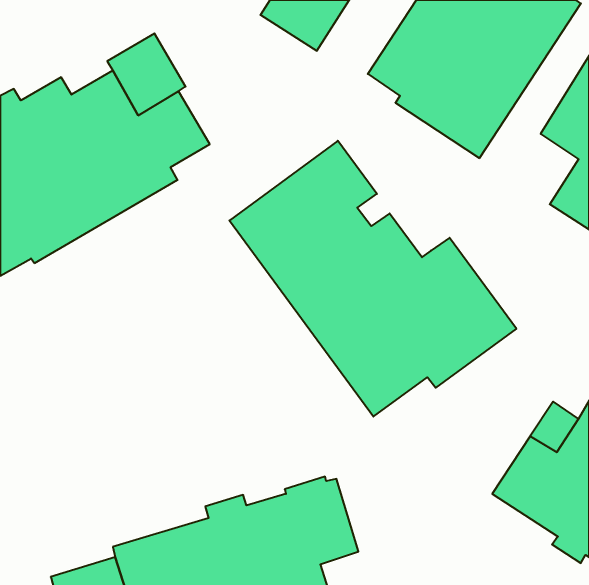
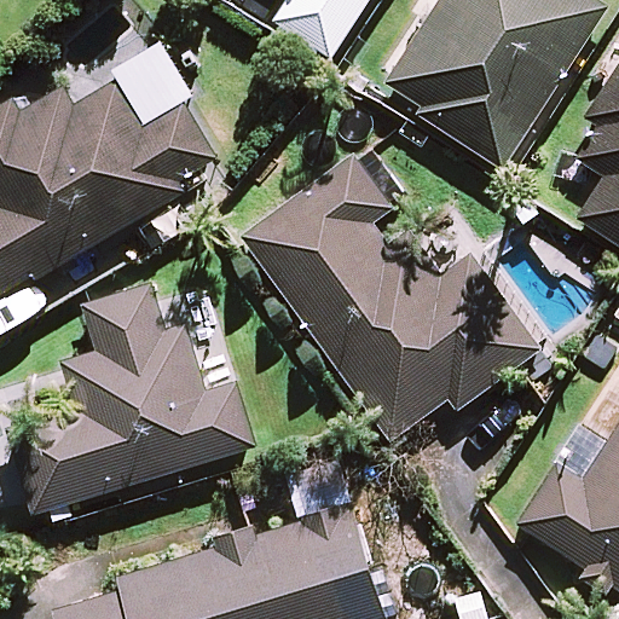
building: none -> [8,283,255,513]

